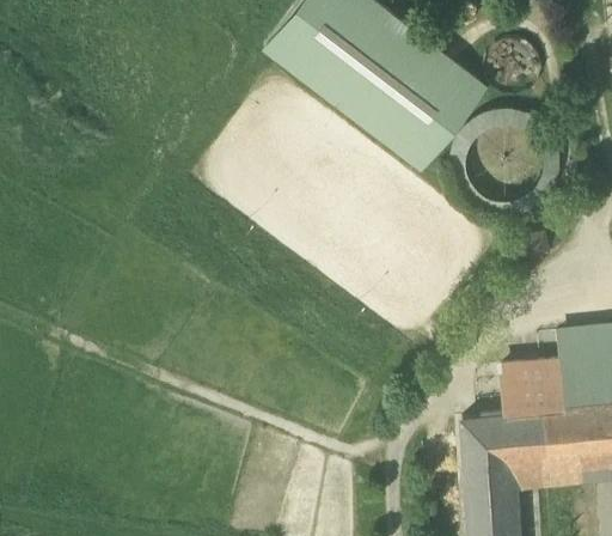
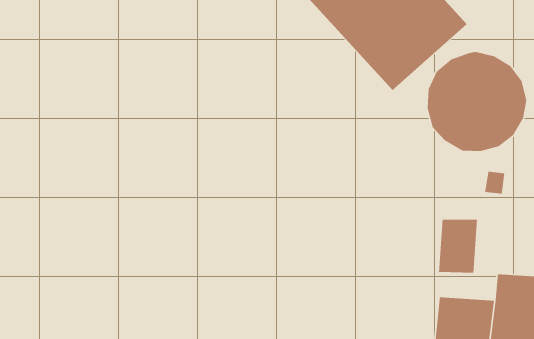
building: none -> [438,219,478,274]

